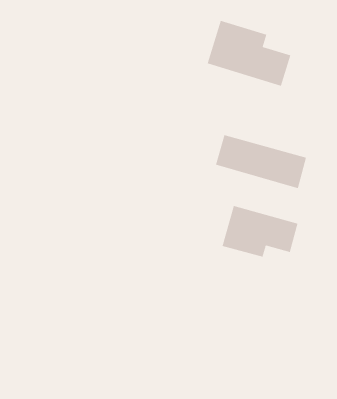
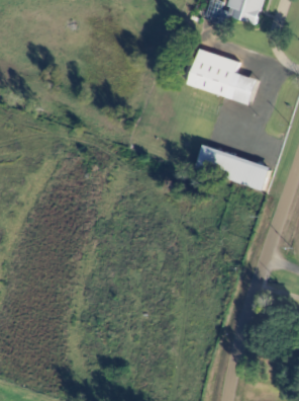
building: [222,205,298,258] -> none

